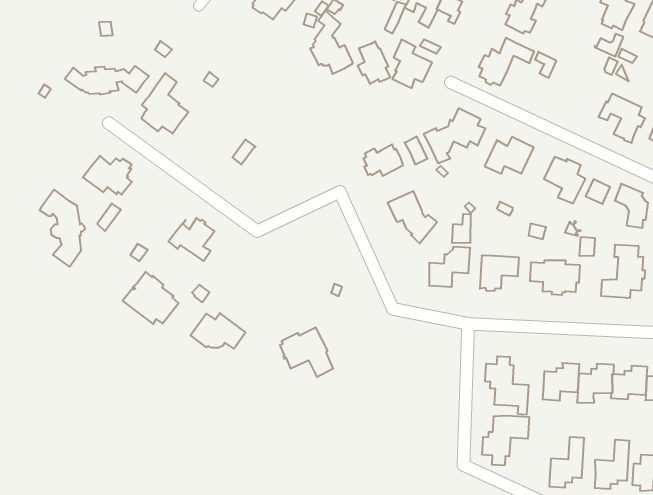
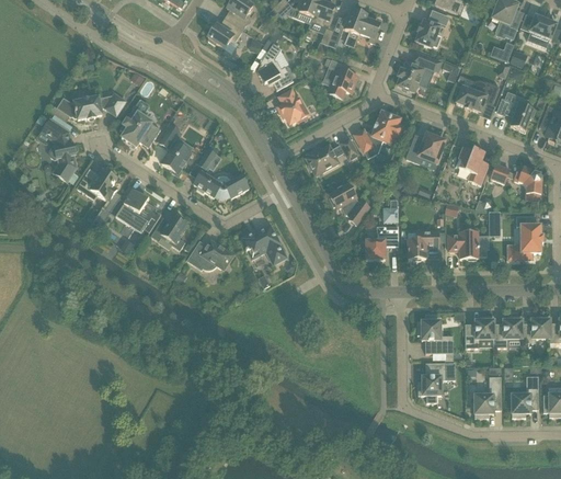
building: [358,41,390,84] -> [278,89,306,124]
building: none -> [456,80,499,112]
building: none -> [159,125,191,175]
building: none -> [193,171,249,197]
building: [40,190,85,267] -> [39,118,78,181]
building: [123,272,179,324] -> [115,190,161,232]
building: [190,313,245,349] -> [187,240,232,269]
building: [280,327,333,377] -> [241,224,286,264]

